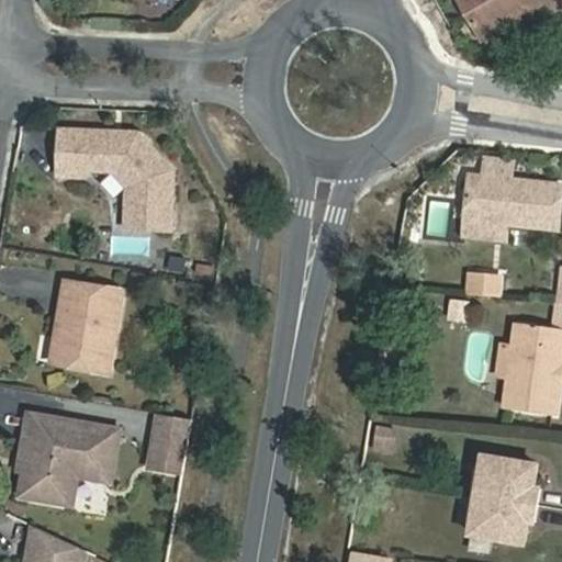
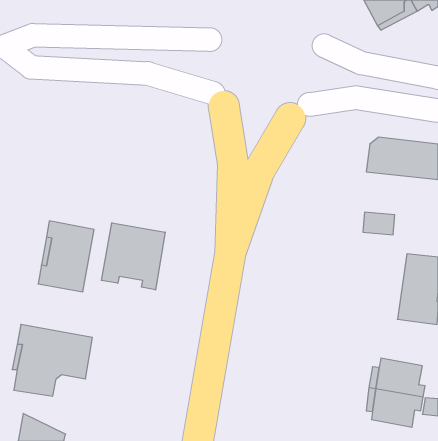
building: [56,127,173,231] -> none
building: none -> [101,223,165,290]
building: [144,414,187,471] -> none

